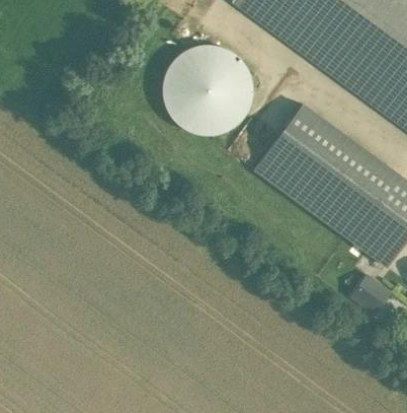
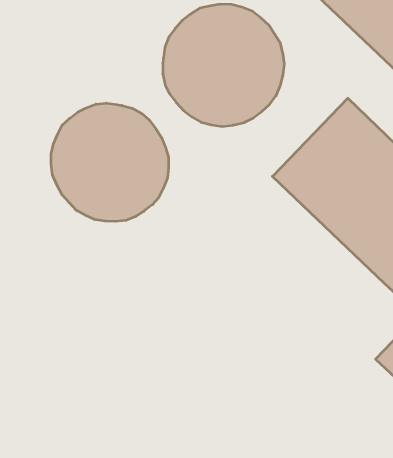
building: none -> [51,103,169,221]

